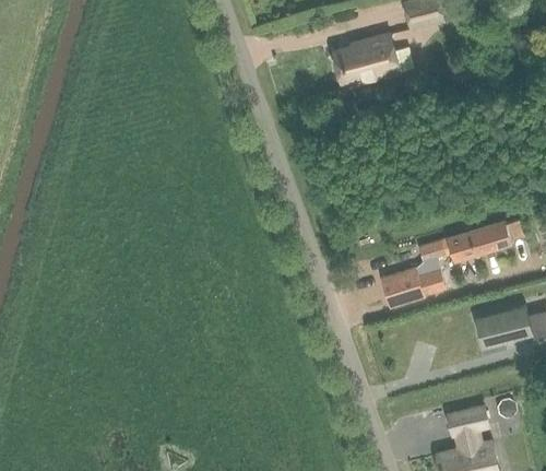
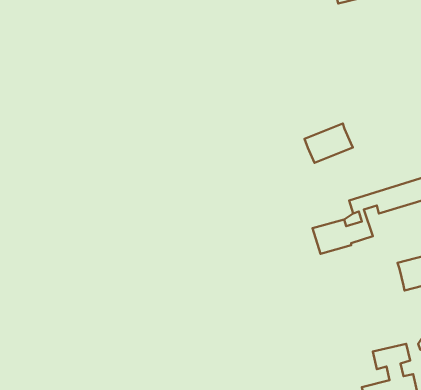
building: [332,32,399,85] -> none
building: none -> [305,123,353,163]

